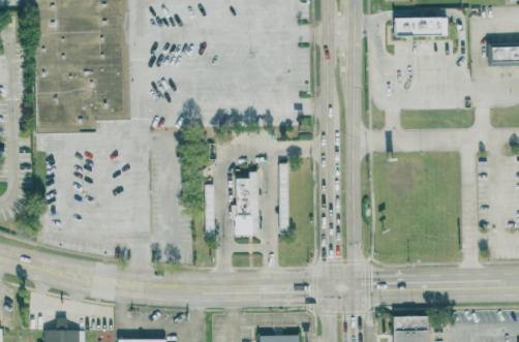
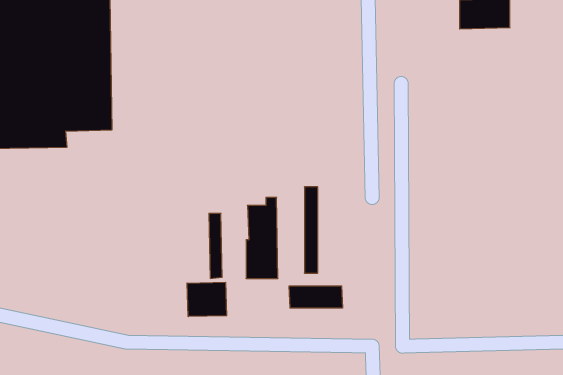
building: none -> [187,282,227,317]
building: none -> [289,286,342,308]

